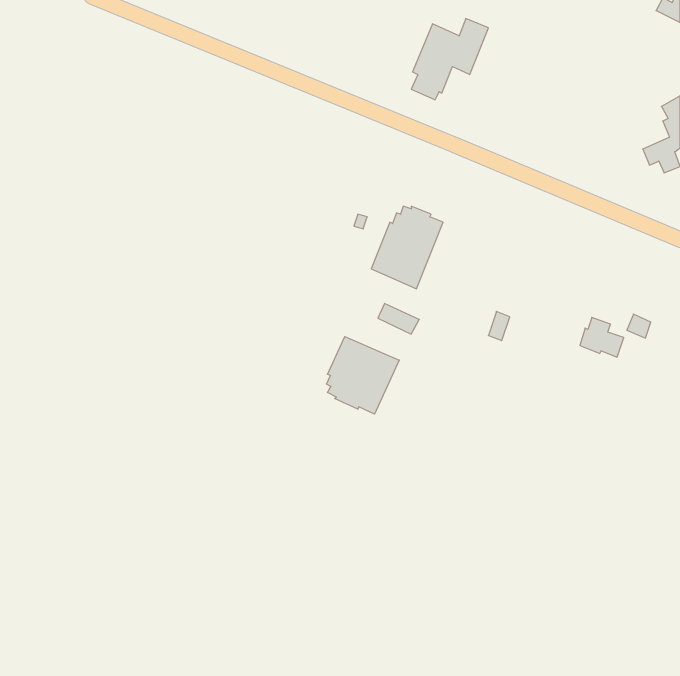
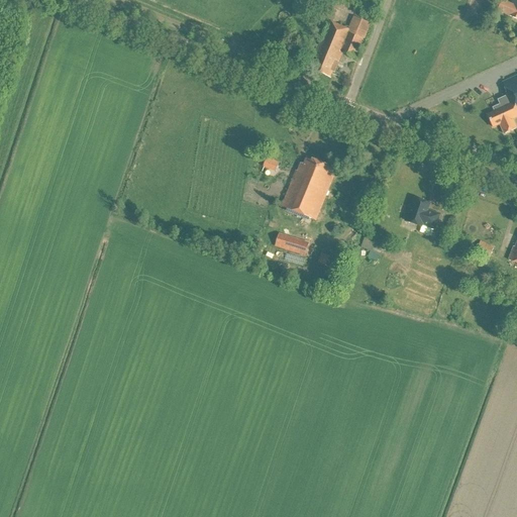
building: [580,317,624,357] -> [406,197,439,227]
building: [326,337,399,414] -> none

